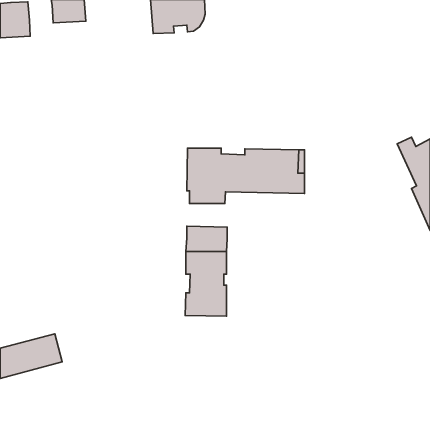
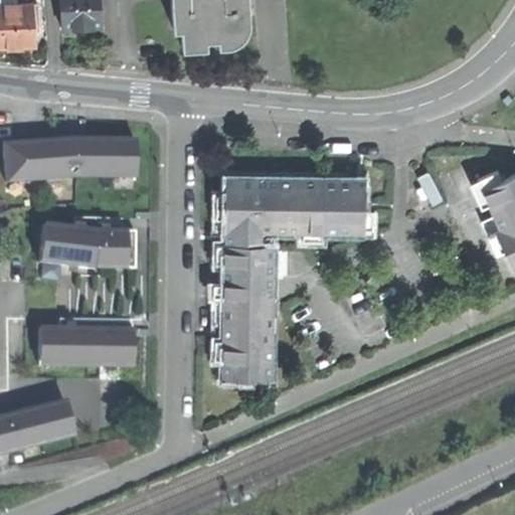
building: none -> [4,136,138,181]
building: none -> [40,222,128,268]
building: none -> [223,243,280,272]
building: none -> [40,327,135,367]

